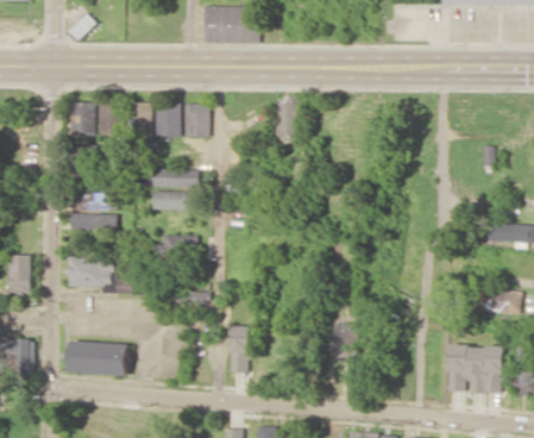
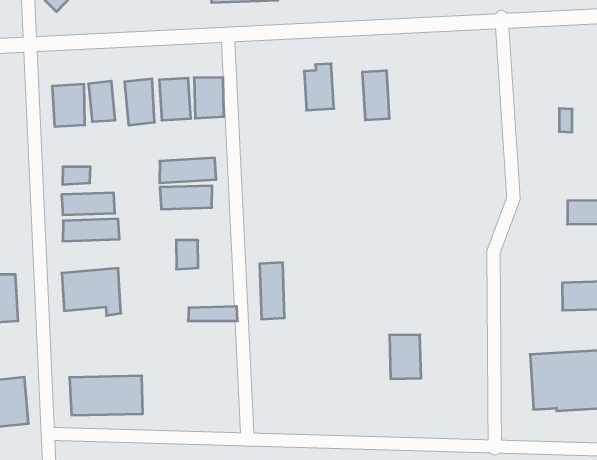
building: none -> [363,70,389,120]
building: [230,326,250,371] -> [260,263,285,319]

